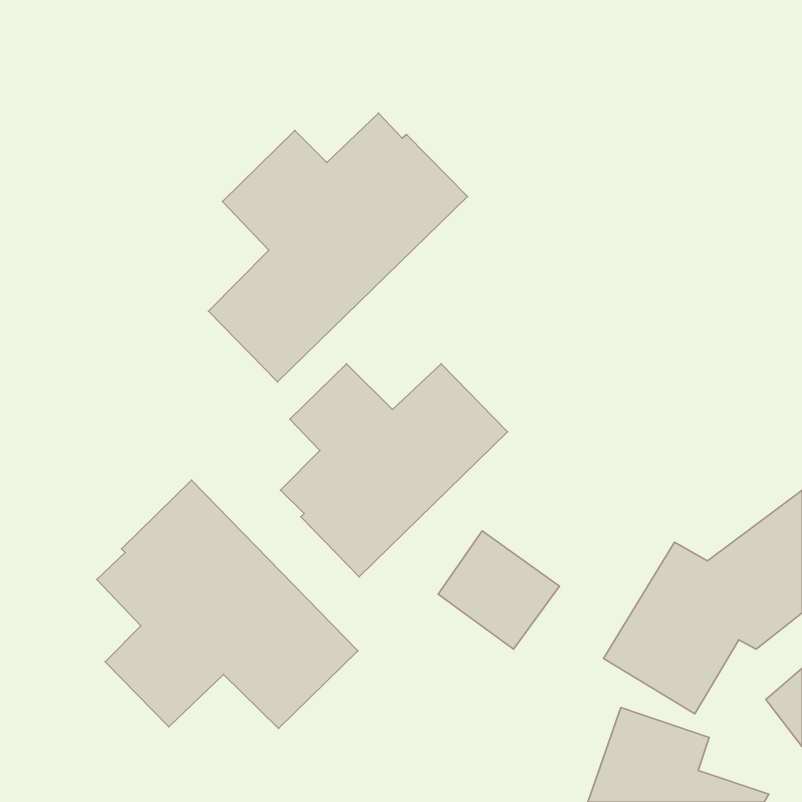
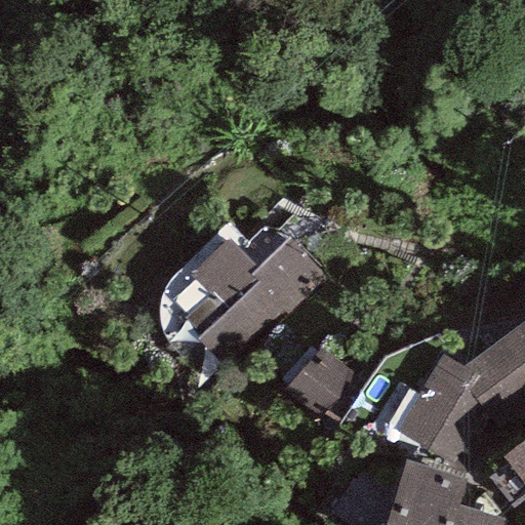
building: [209,113,467,382] -> none
building: [97,480,358,728] -> none

